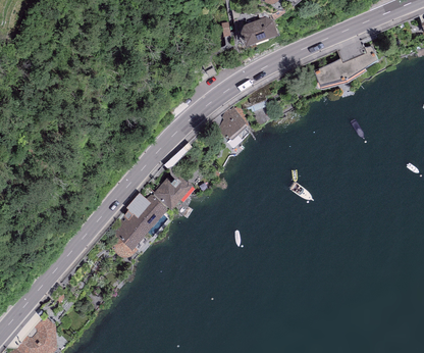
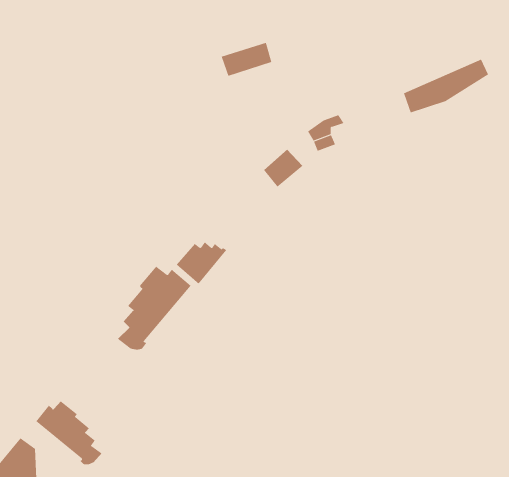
building: [228,17,265,42] -> [221,42,272,77]
building: none -> [35,400,103,465]

